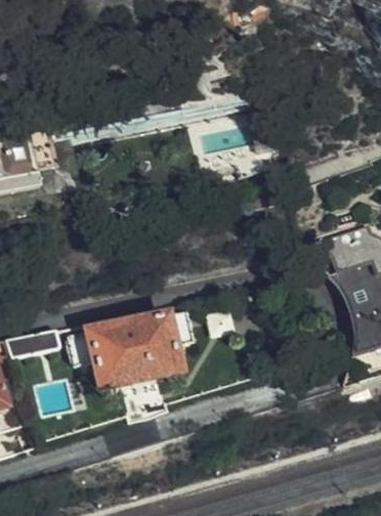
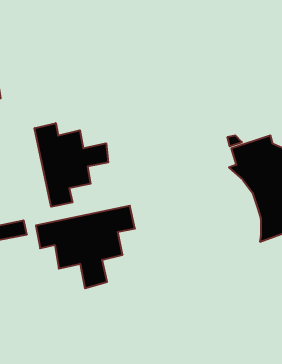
building: none -> [35,123,108,207]

